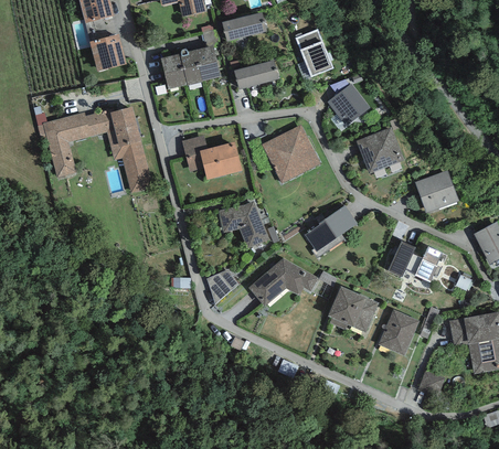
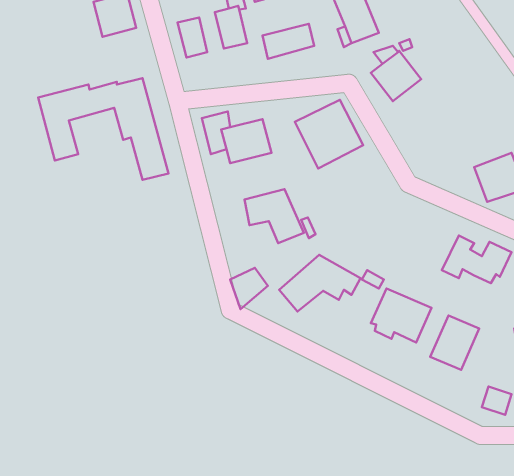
building: [180,49,202,85] -> none
building: [357,127,404,173] -> none
building: [305,205,357,257] -> none

